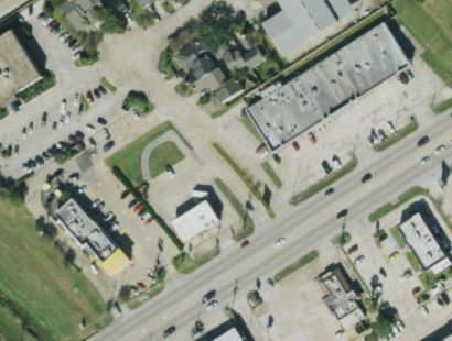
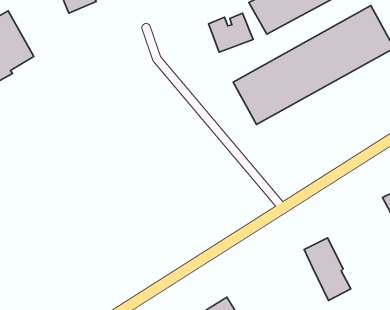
building: [176,40,244,103] -> none
building: [54,197,127,275] -> none
building: [170,200,219,243] -> none

